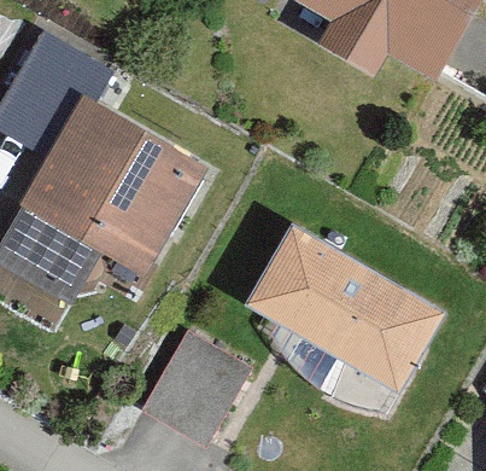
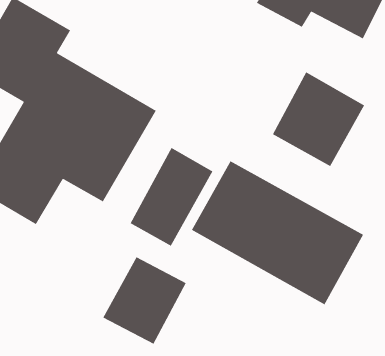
building: none -> [272,71,365,167]
building: none -> [129,147,213,247]

